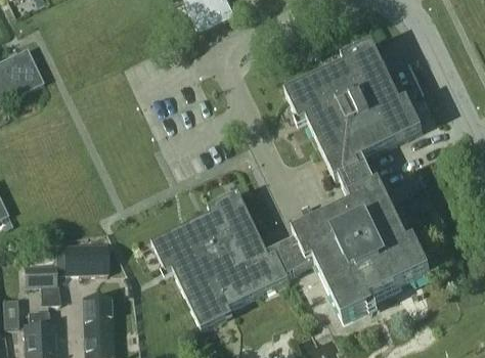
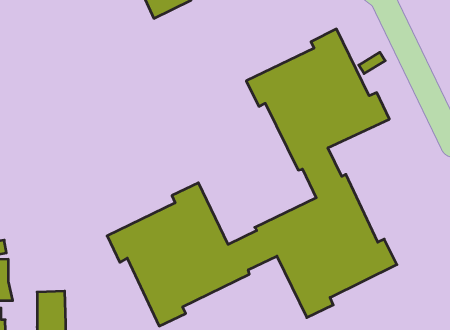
building: [63,242,109,274] -> none

